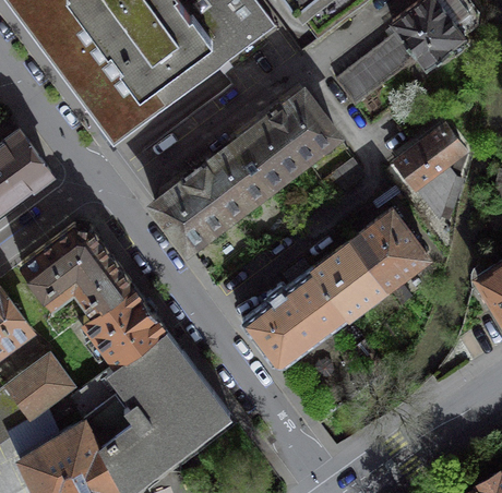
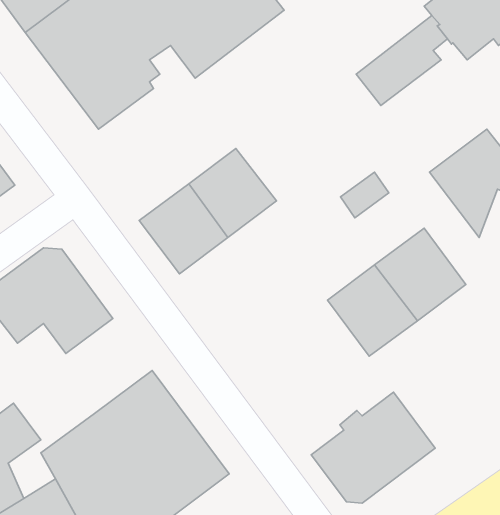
building: [235,93,336,188] -> none
building: [242,270,346,363] -> [311,392,435,503]
building: [84,286,165,365] -> none

